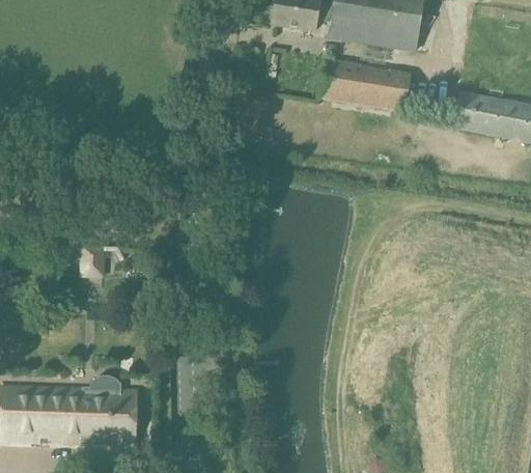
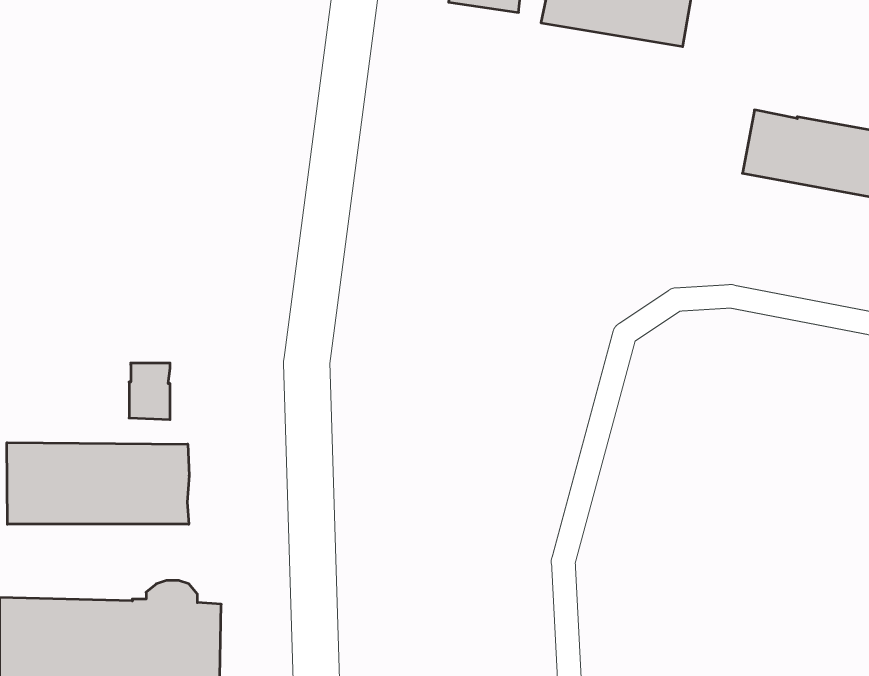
building: [319,59,412,111] -> none
building: none -> [7,443,189,524]

